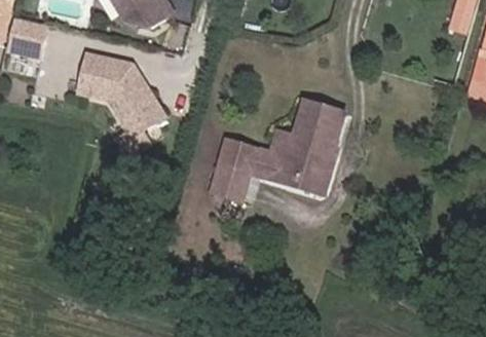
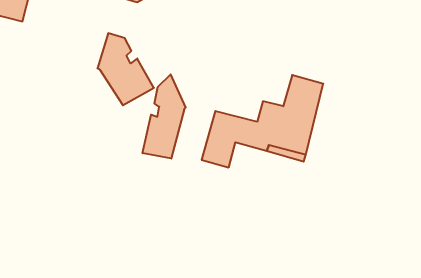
building: [79,51,116,97] -> none
building: none -> [143,74,186,159]

